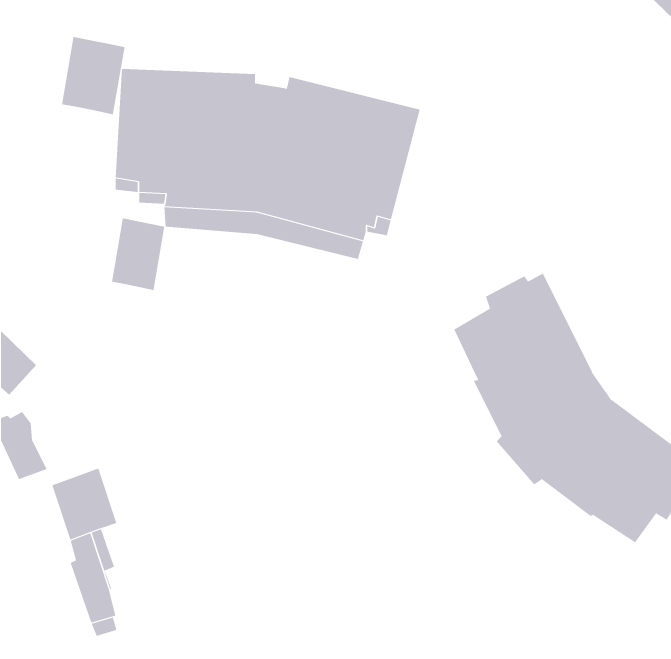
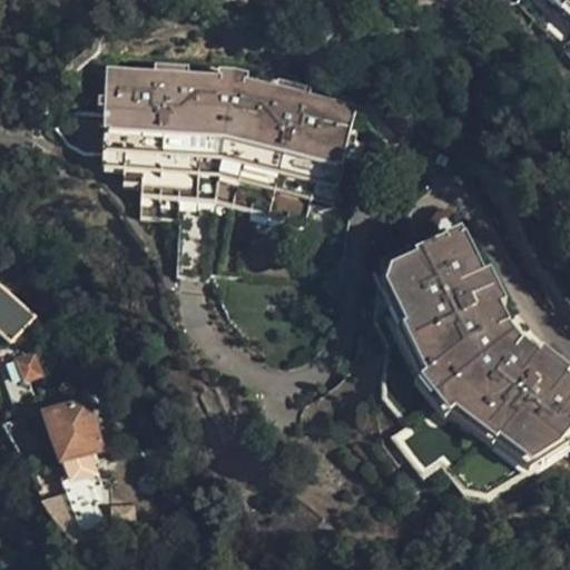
building: [61,36,125,115] -> none
building: [111,217,165,291] -> none

